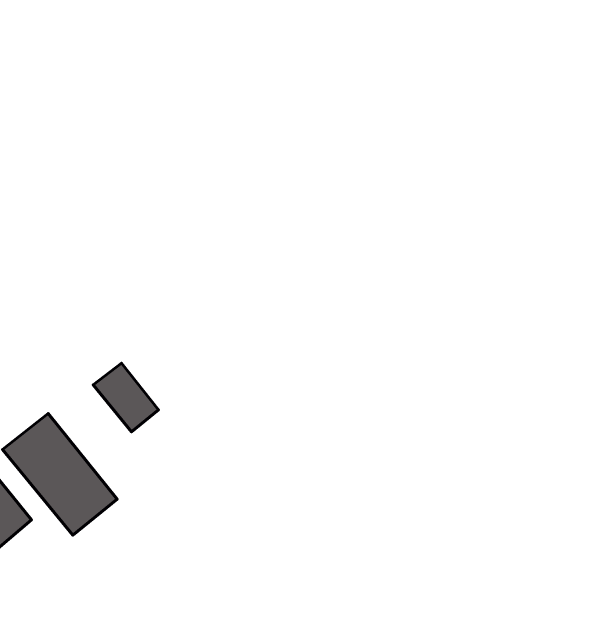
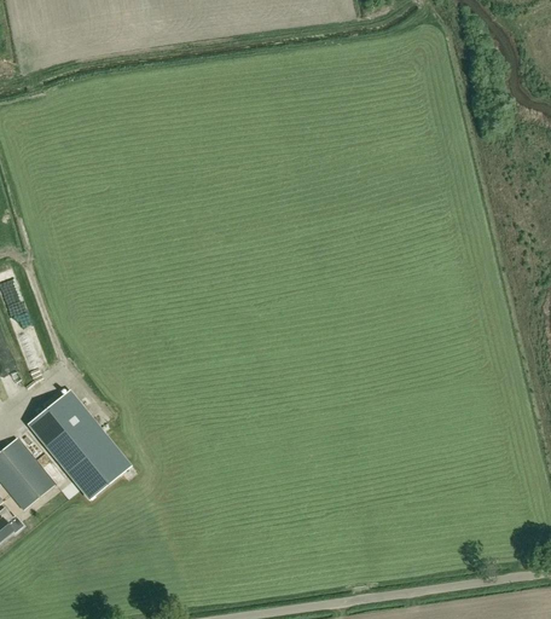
building: [93,363,159,432] -> none

